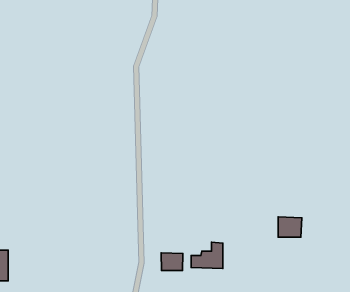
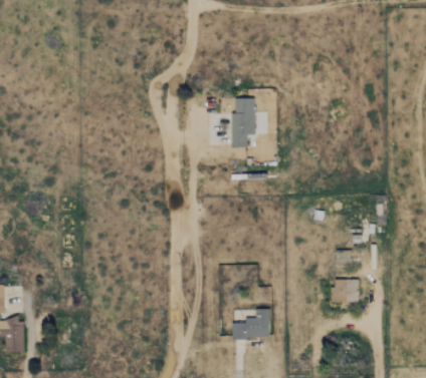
building: none -> [232,98,255,147]
building: [161,253,183,271] -> none

